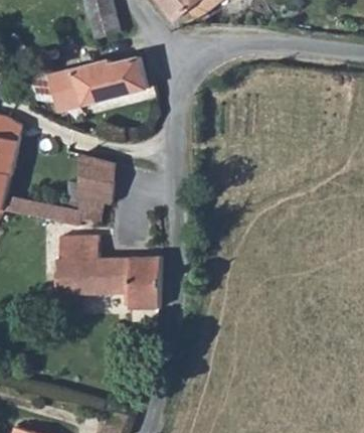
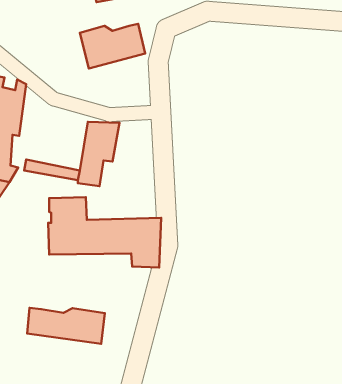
building: [28,66,90,110] -> none
building: none -> [27,308,105,344]

